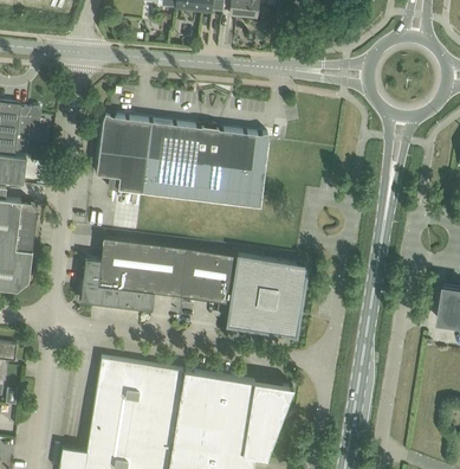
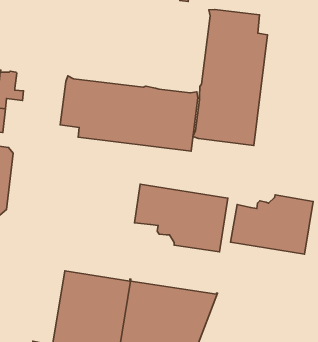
building: none -> [193,9,267,146]
building: [80,238,196,310] -> none
building: none -> [231,195,313,254]

